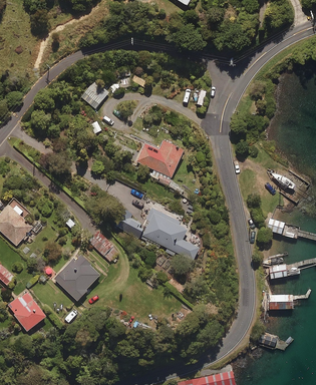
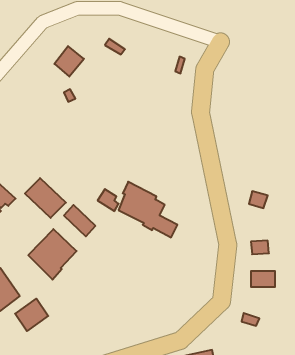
building: [134,143,181,184] -> none
building: none -> [25,178,66,218]
building: none -> [15,299,48,331]

